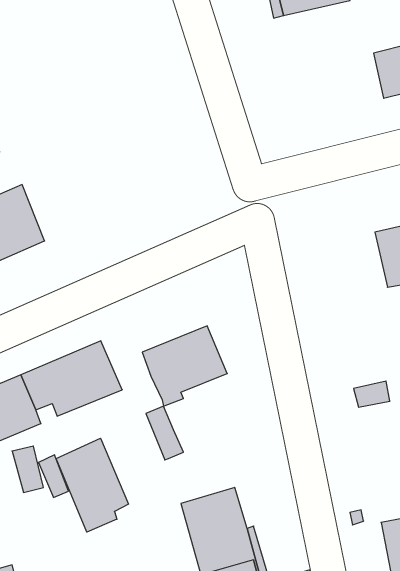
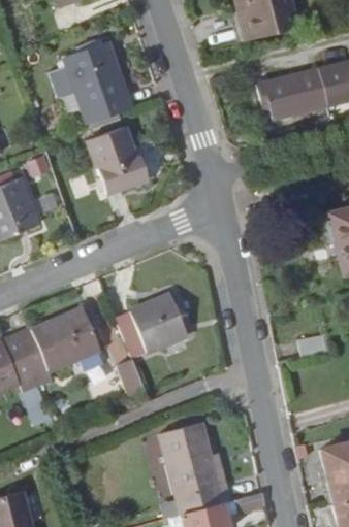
building: none -> [59,37,133,117]
building: none -> [252,68,323,118]
building: none -> [94,122,154,187]
building: [56,438,129,532] -> none

